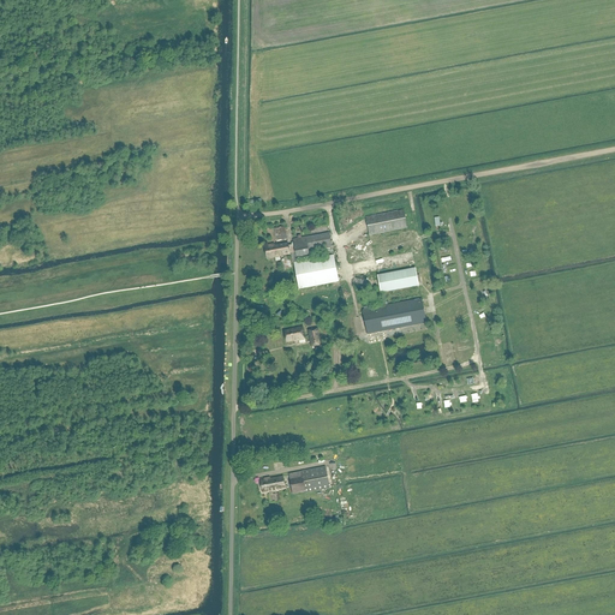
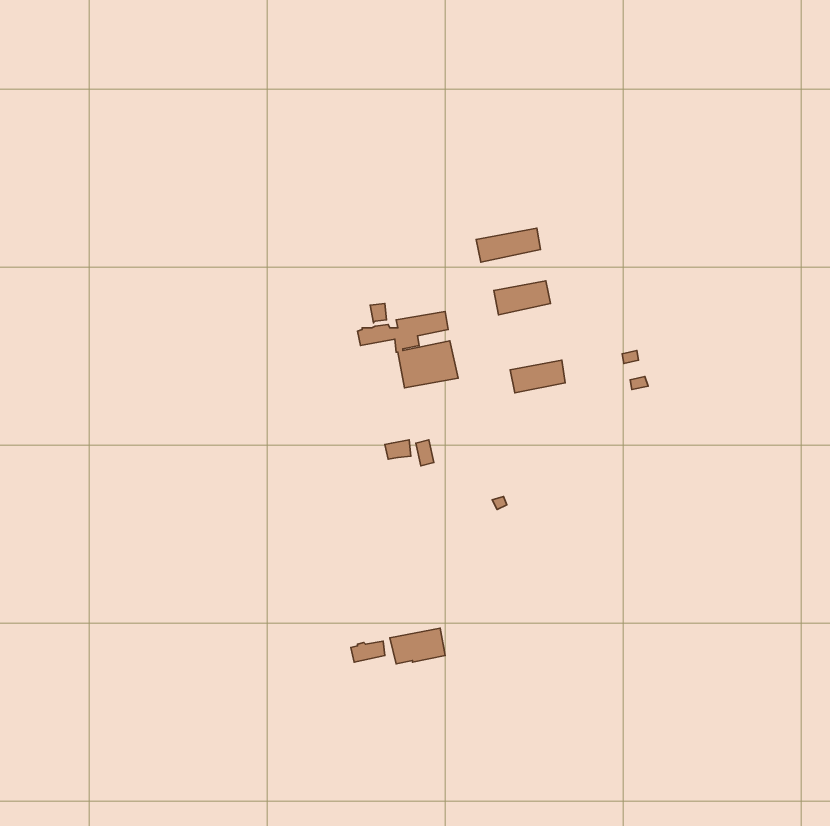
building: none -> [476,228,541,262]
building: [362,297,426,333] -> none

